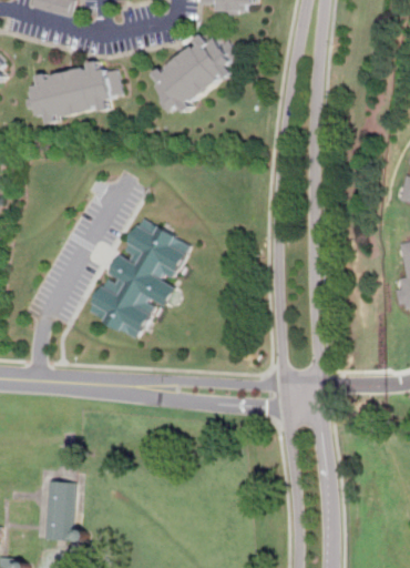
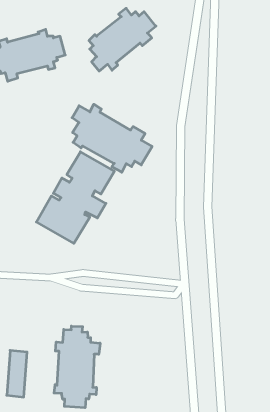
building: none -> [72,104,152,172]
building: none -> [54,326,100,408]

